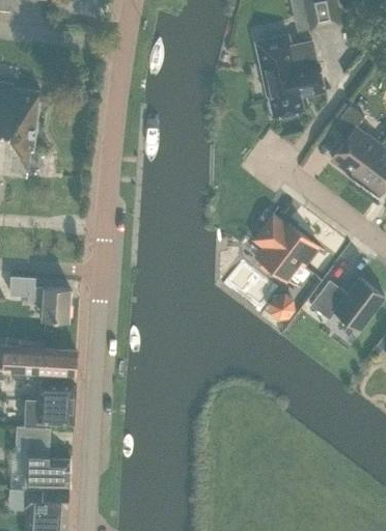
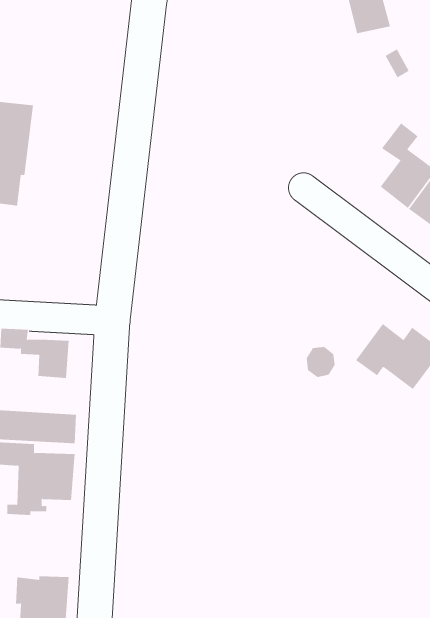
building: [255,36,324,116] -> none
building: [252,214,318,280] -> none
building: [16,432,68,487] -> none

